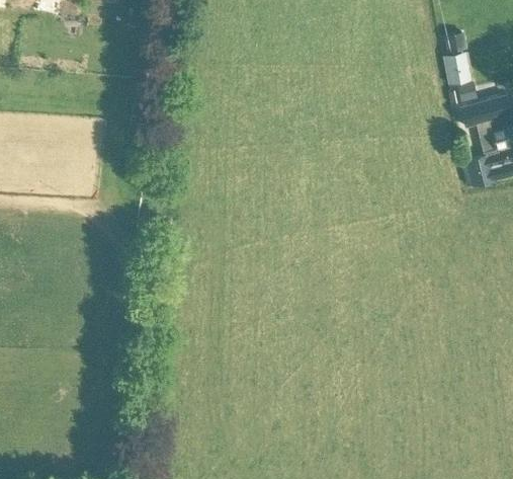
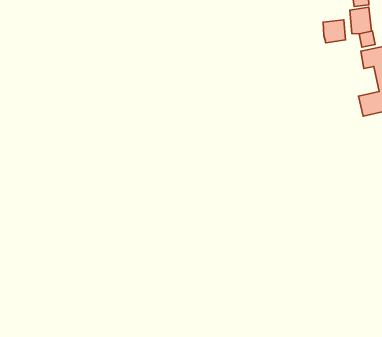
building: none -> [323,20,346,43]

